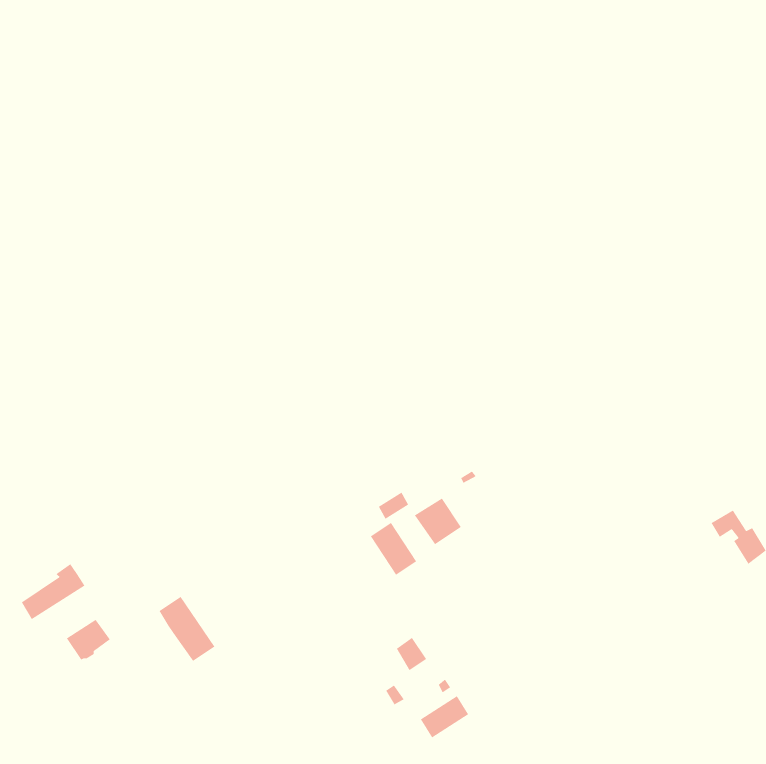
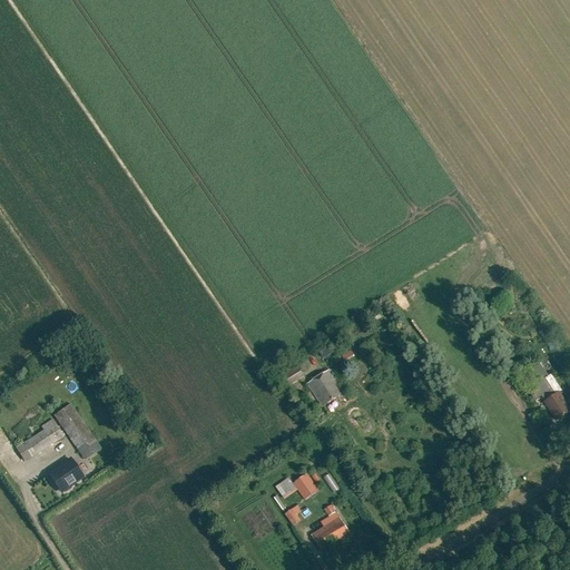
building: [370,522,417,576] -> none
building: [158,596,215,662] -> [53,403,96,452]

